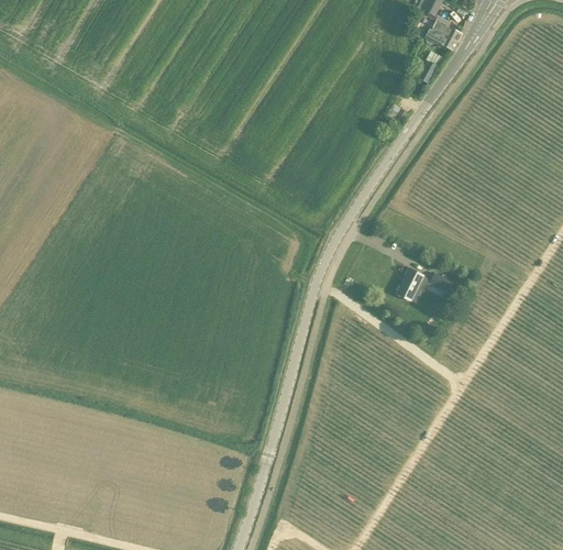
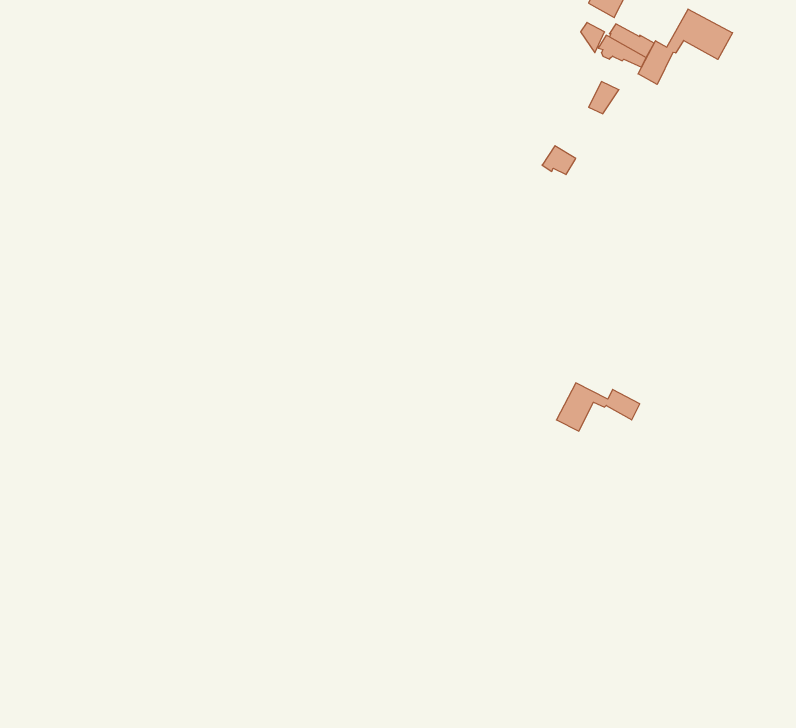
building: none -> [638,9,733,84]

